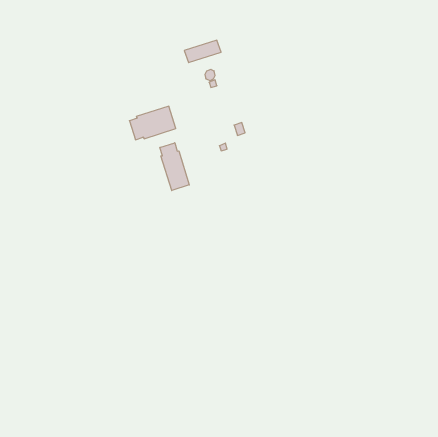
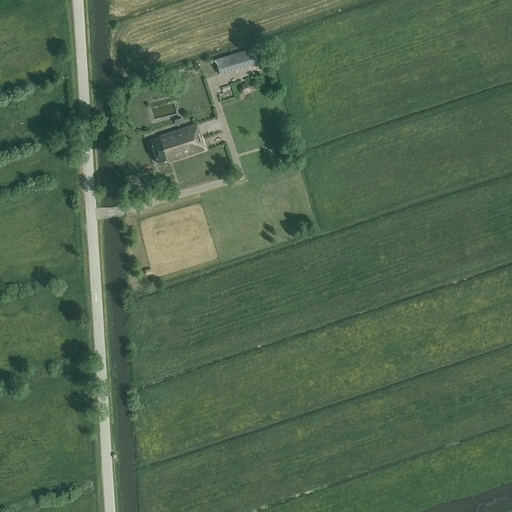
building: [160,143,189,191] -> none

